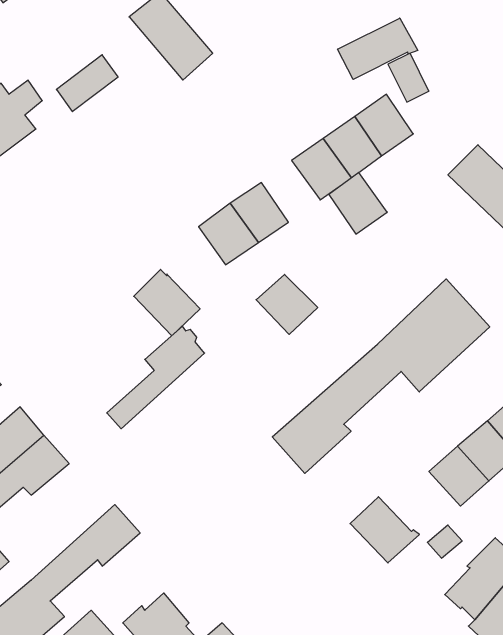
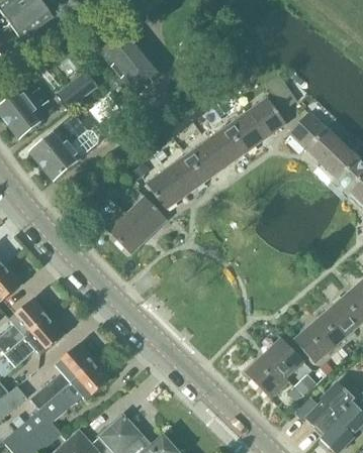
building: [338,18,418,79] -> none
building: none -> [289,113,326,149]
building: none -> [30,114,99,180]
building: [329,173,387,234] -> [187,140,224,180]
building: [256,274,318,334] -> [126,197,166,235]
building: [272,279,490,473] -> none
building: [107,326,205,429] -> [30,343,93,409]
building: none -> [262,338,301,377]

